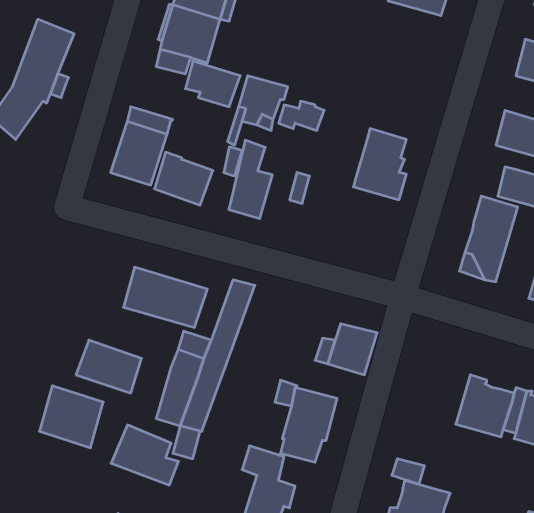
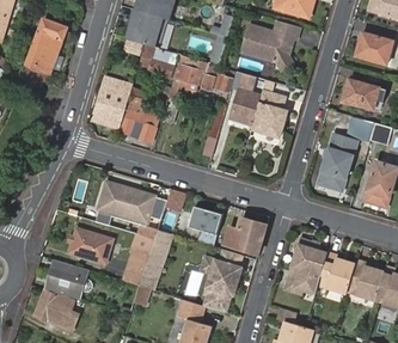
building: none -> [239,22,300,72]
building: [229,140,272,219] -> [231,73,259,124]
building: none -> [188,207,221,235]
building: none -> [282,243,326,295]
building: [111,425,179,485] -> [32,290,76,330]

